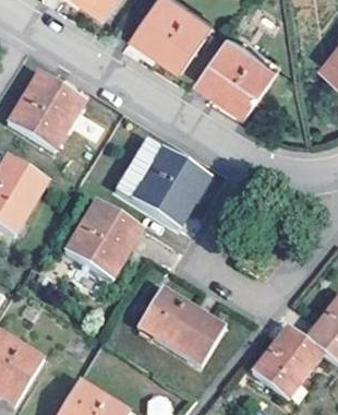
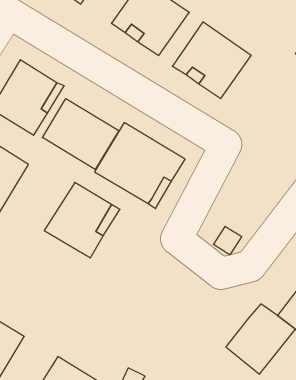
building: none -> [42,99,119,170]
building: [138,289,226,367] -> none

